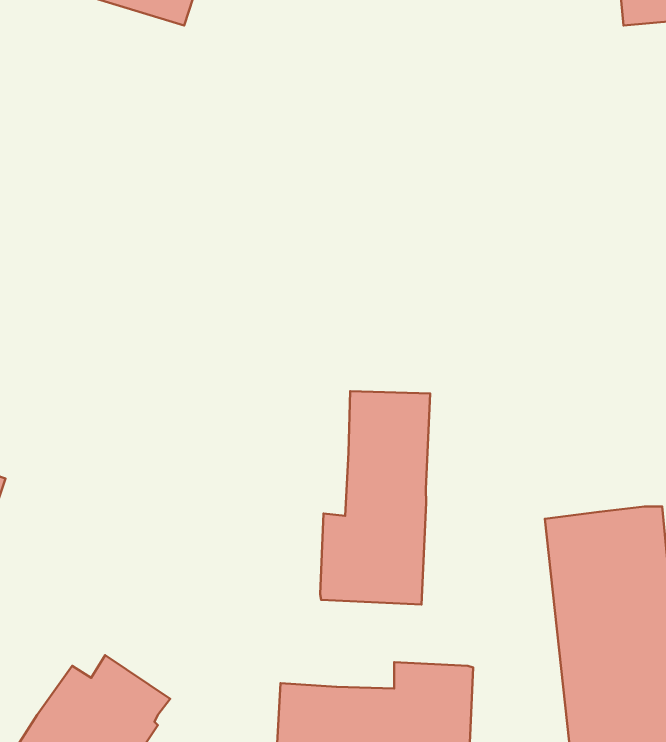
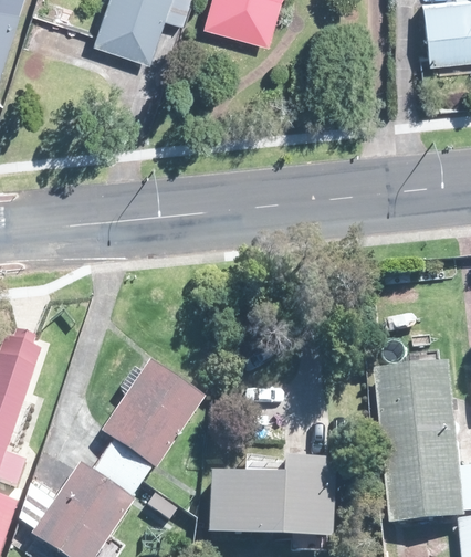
building: [320,391,430,604] -> none
building: none -> [100,360,203,483]

